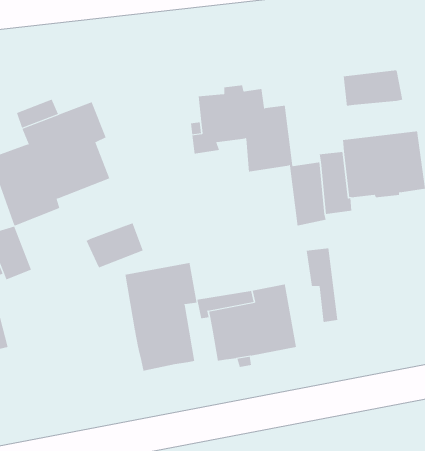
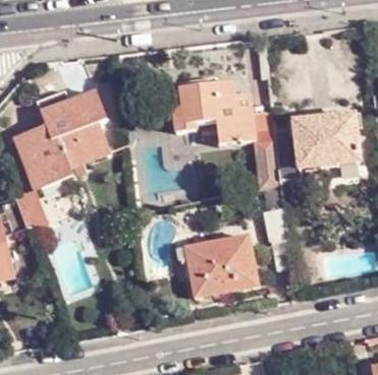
building: [343,70,403,106] -> none
building: [86,222,143,268] -> none
building: [125,262,197,371] -> none

